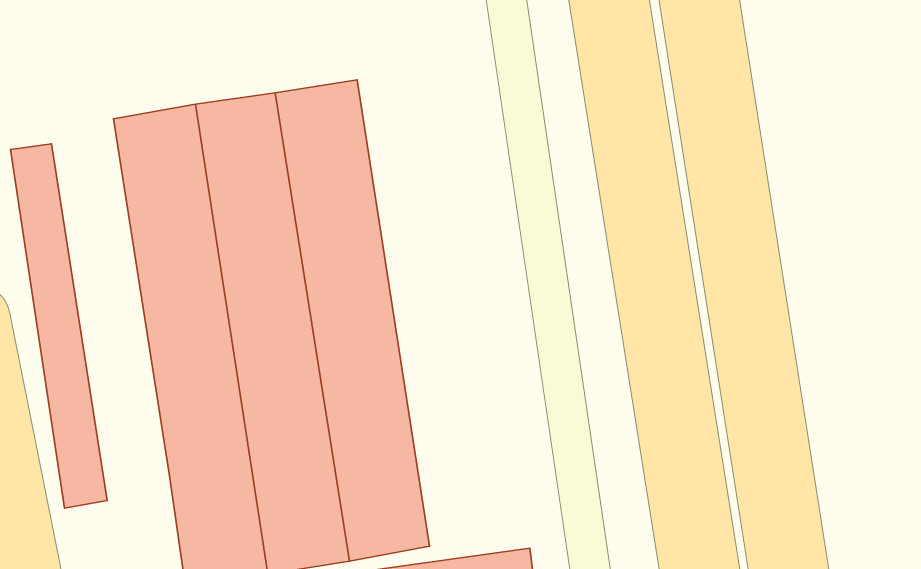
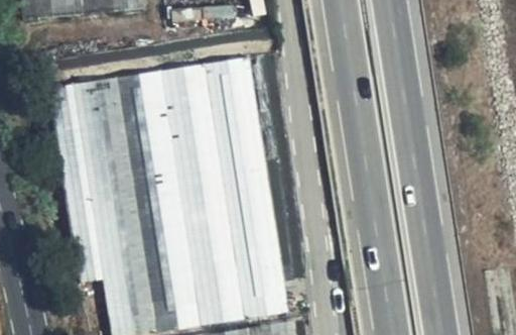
building: none -> [205,59,287,318]
building: [11,144,107,508] -> [50,86,103,284]

